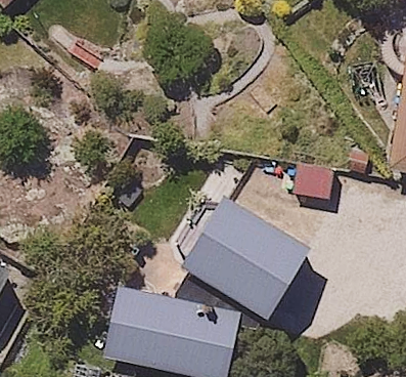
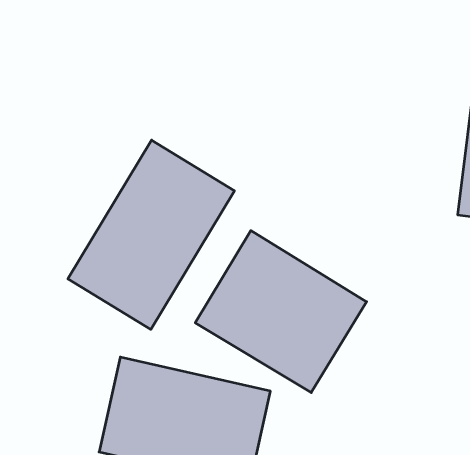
building: none -> [68,140,234,329]

